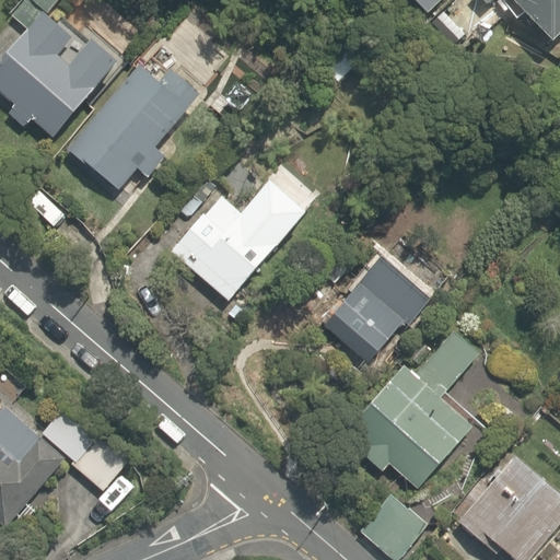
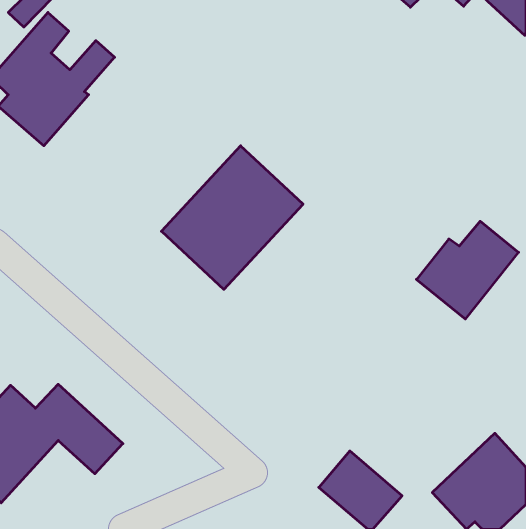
building: [67,61,210,192] -> none
building: [317,260,424,363] -> [416,221,519,319]
building: [350,331,481,491] -> none

